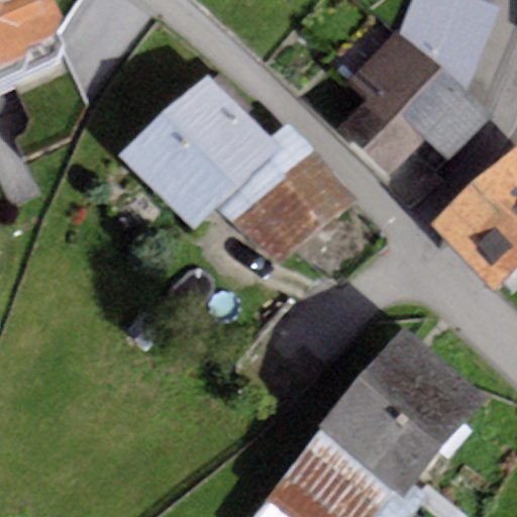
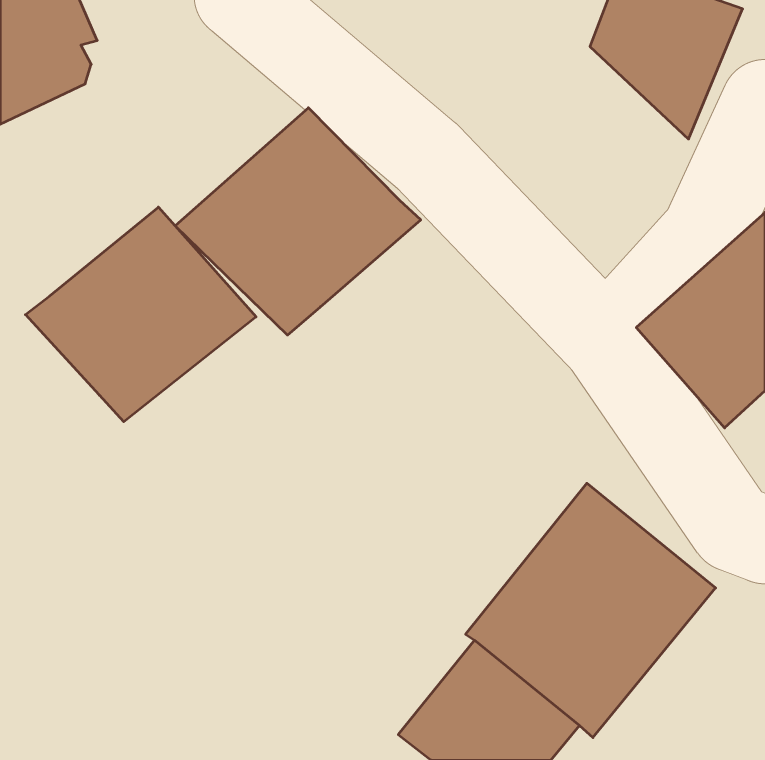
building: [339,31,490,199] -> none
building: [216,121,358,260] -> none
building: none -> [25,207,256,422]

